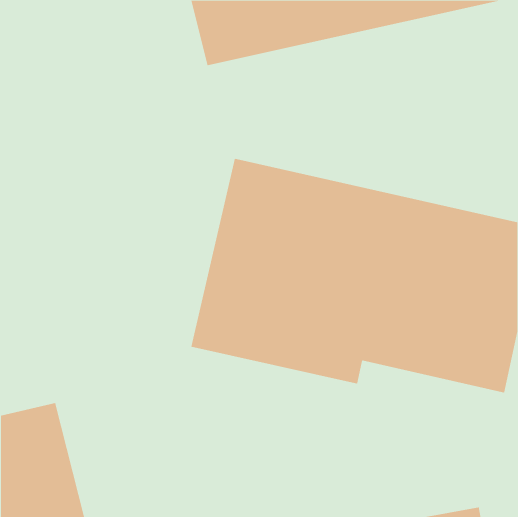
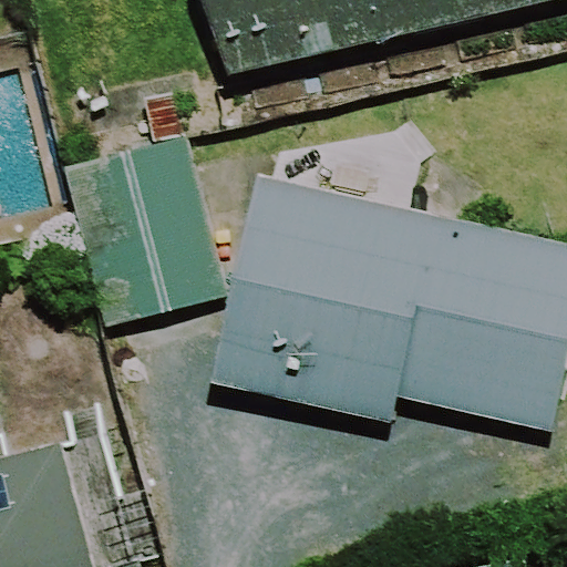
building: none -> [64,137,226,328]

